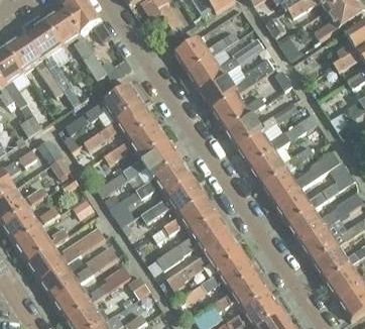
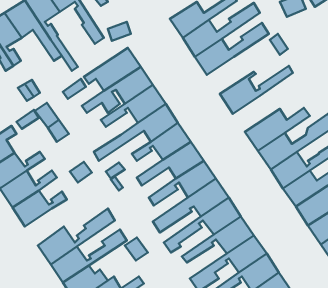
building: [211,92,269,129] -> none
building: [237,120,307,168] -> none
building: [27,227,105,283] -> none

